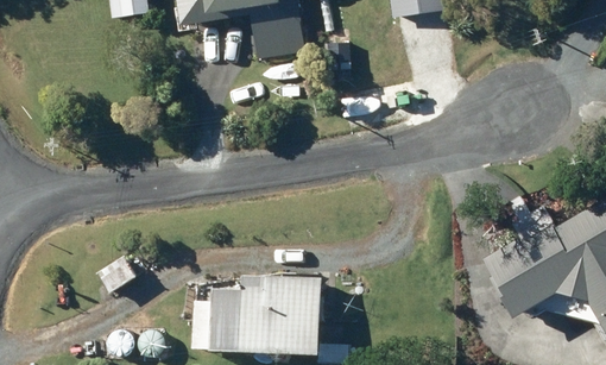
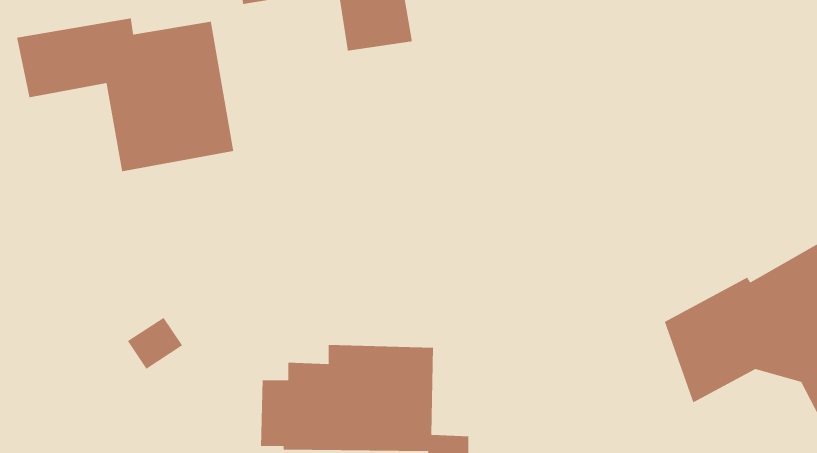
building: none -> [16,17,234,172]

